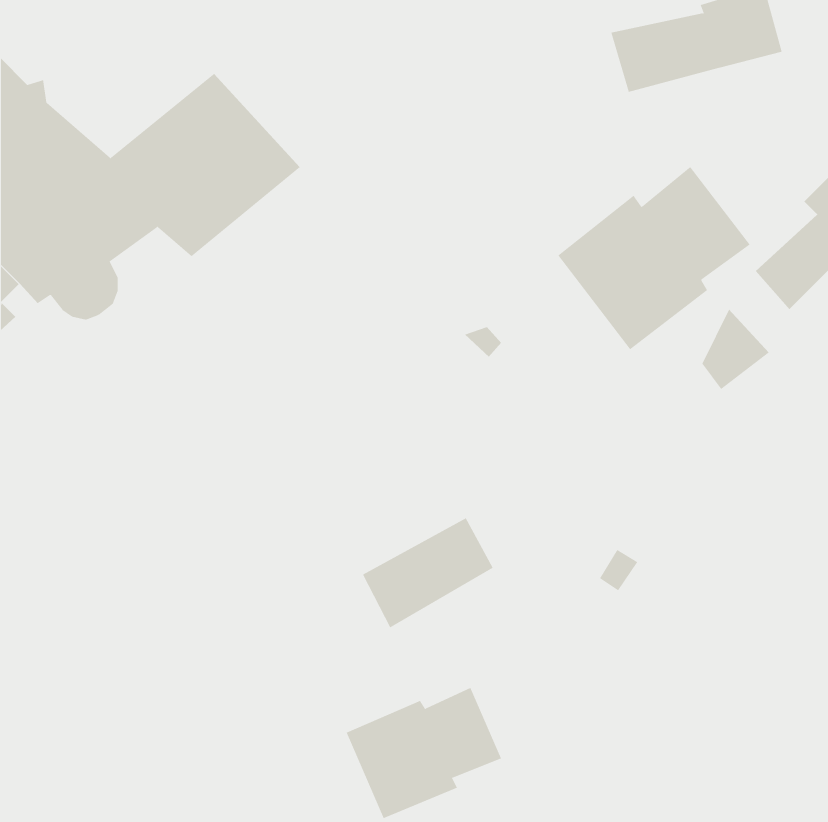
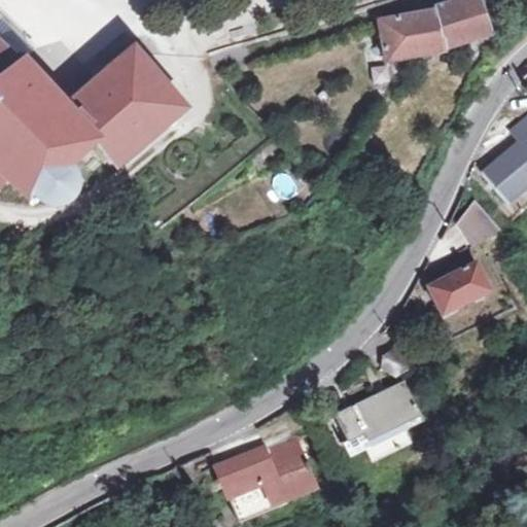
building: [558,166,751,350] -> none
building: none -> [421,251,485,316]
building: [362,518,494,628] -> [336,379,419,449]

